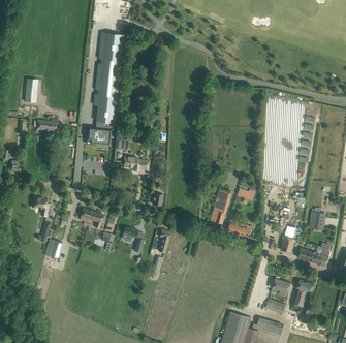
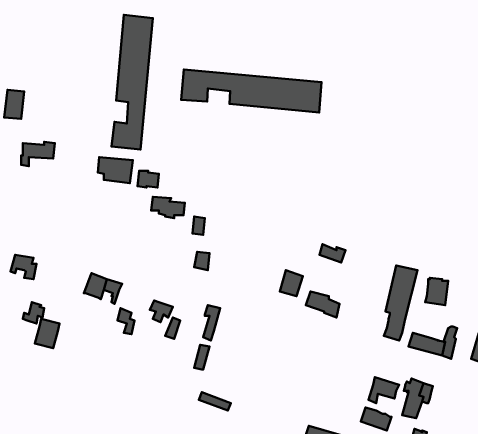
building: none -> [181,70,321,113]

